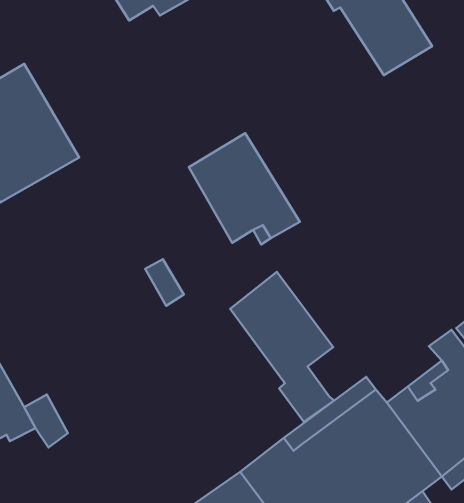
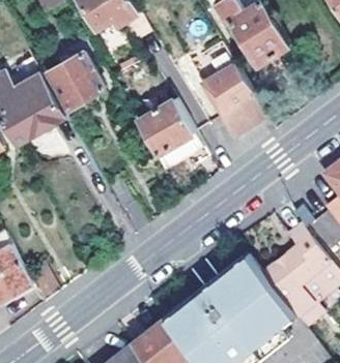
building: none -> [46,55,101,111]
building: none -> [196,63,265,137]
building: [230,272,334,422] -> none

